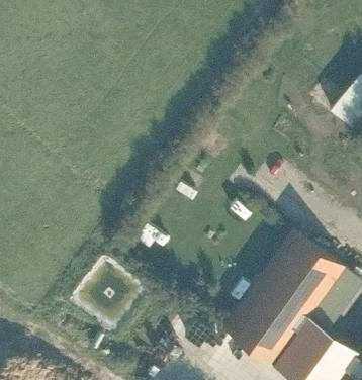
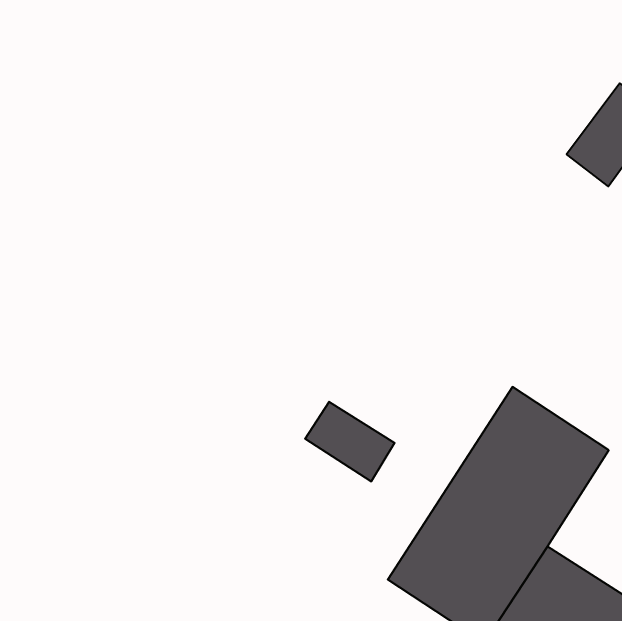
building: none -> [305,402,395,482]

